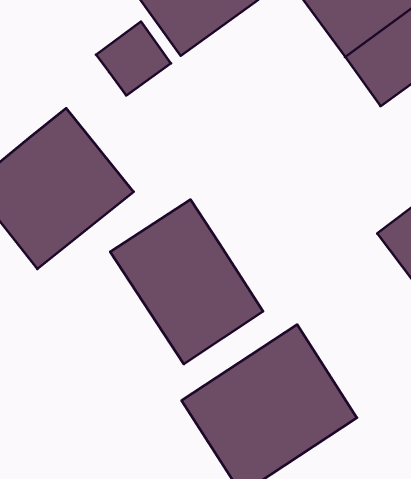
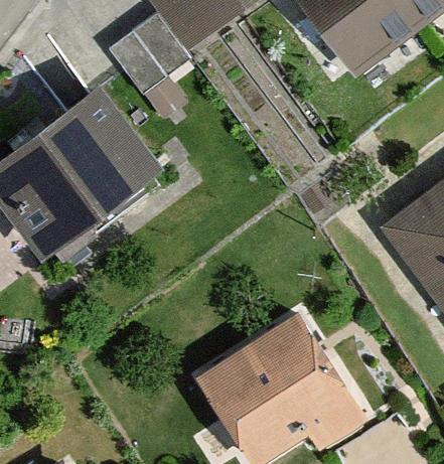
building: [110,200,263,364] -> none

